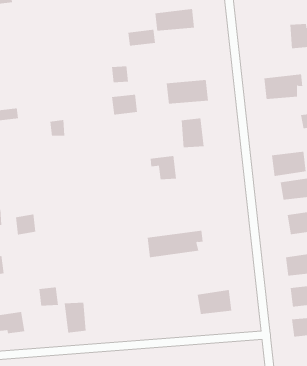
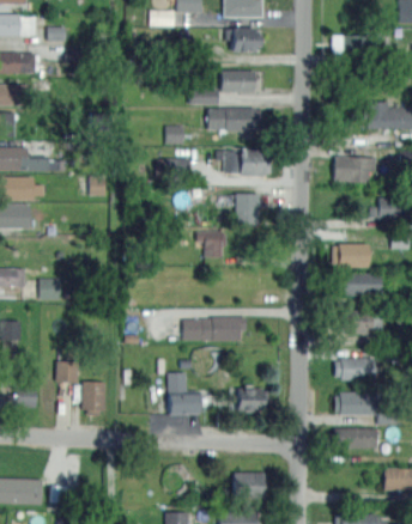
building: none -> [207,109,262,132]
building: none -> [168,372,200,415]

